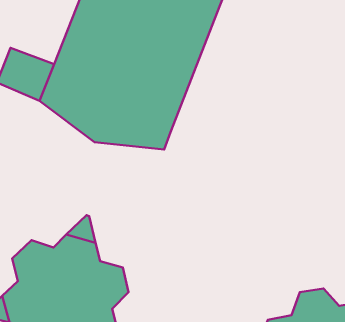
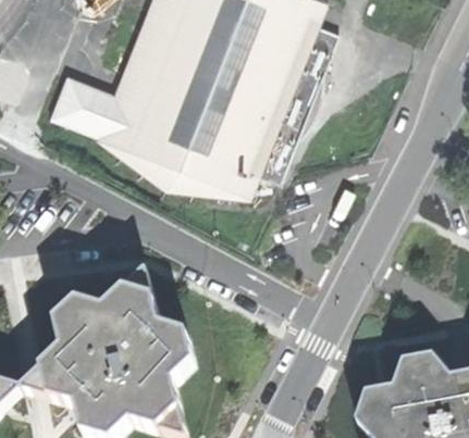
building: none -> [248,20,333,180]

